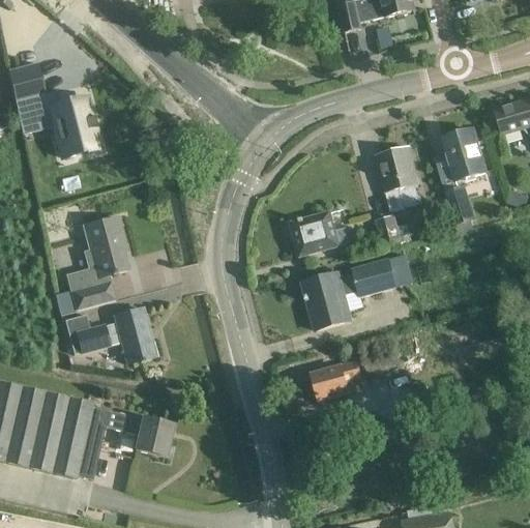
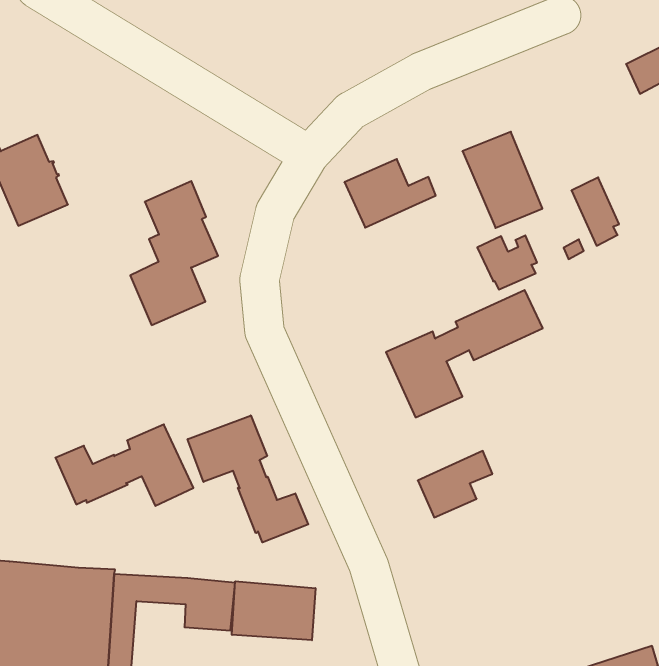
building: [441,128,483,180] -> none
building: [291,210,352,254] -> [344,159,436,228]
building: [66,215,128,310] -> [130,181,218,325]
building: none -> [188,415,308,542]
building: none -> [232,581,315,640]

